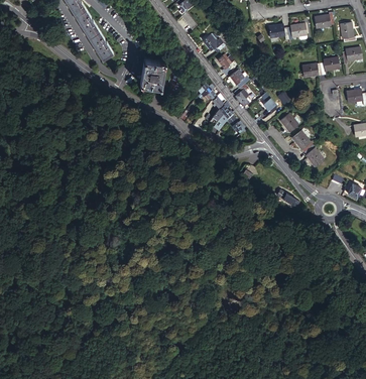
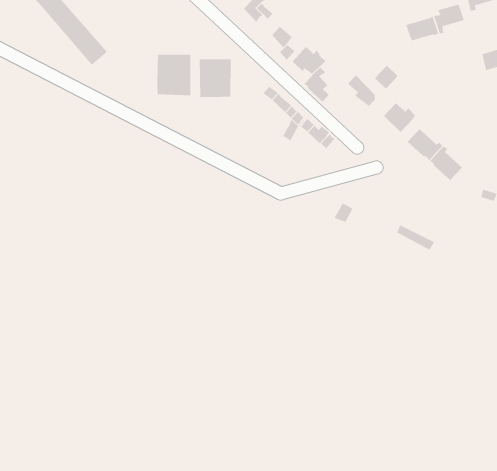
building: none -> [199,58,232,98]

